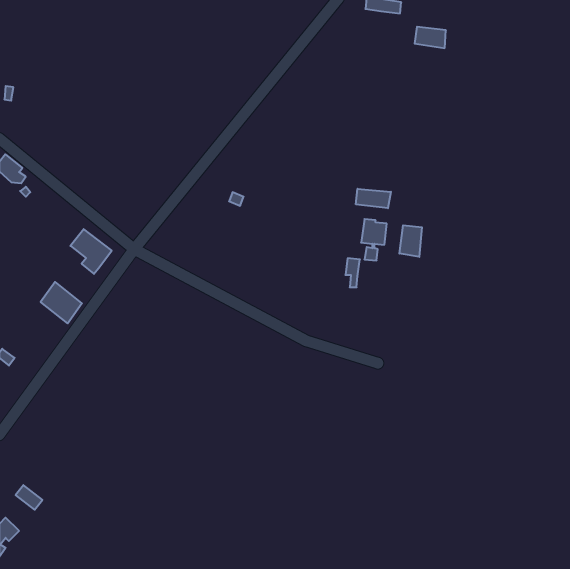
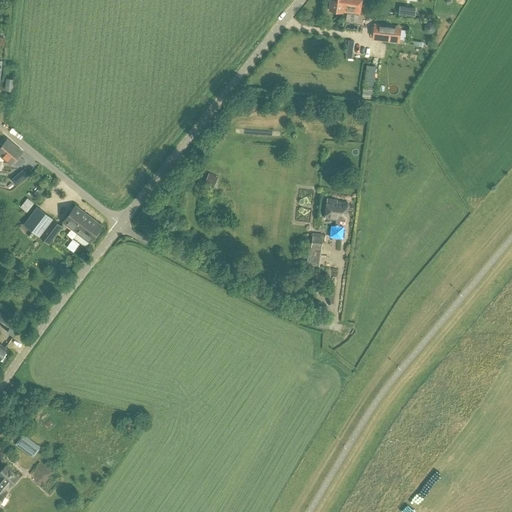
building: [356,189,391,208] -> none
building: [399,225,422,257] -> none
building: [41,282,82,323] -> [23,205,60,242]

